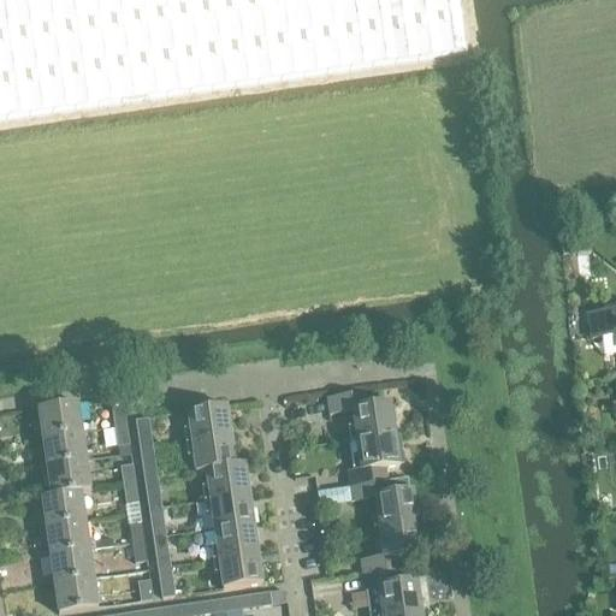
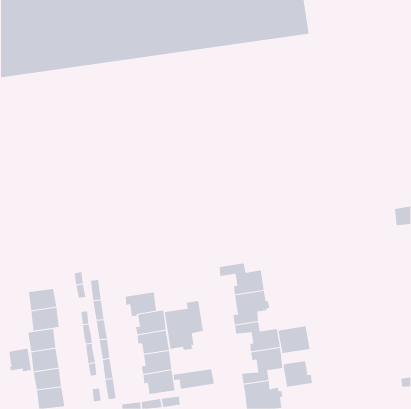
building: [37,403,81,437] -> none
building: [184,408,231,444] -> none
building: none -> [164,300,203,350]
building: none -> [278,326,310,354]
building: none -> [9,348,31,372]
building: none -> [283,360,312,387]
building: none -> [173,369,215,389]

